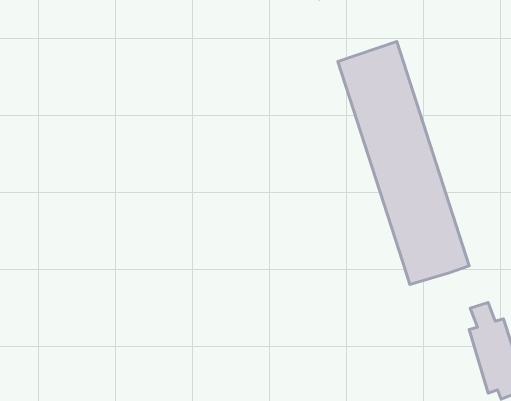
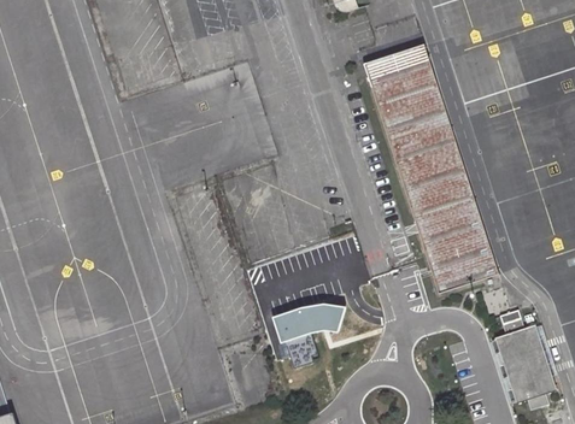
building: none -> [270,301,344,366]

